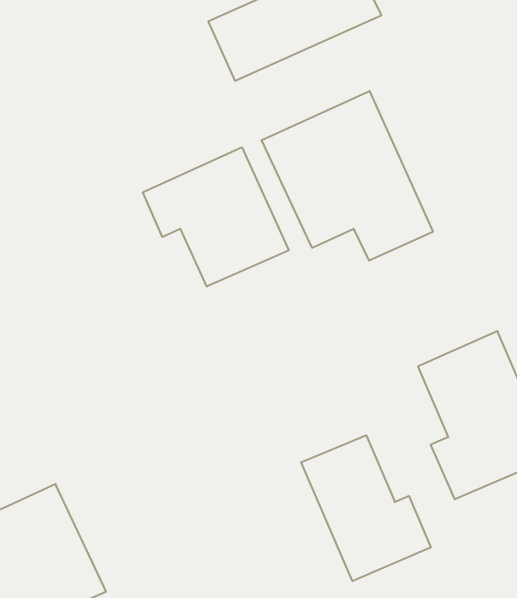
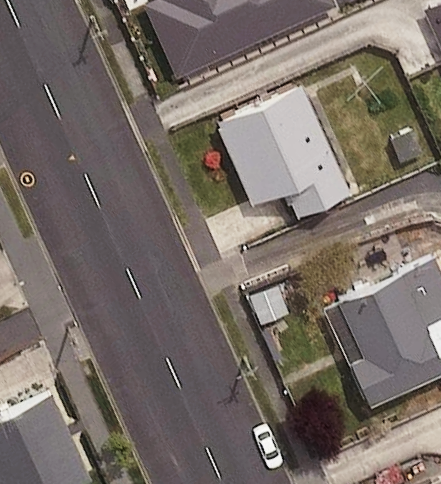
building: [143,147,289,287] -> none
building: [301,435,431,581] -> none

